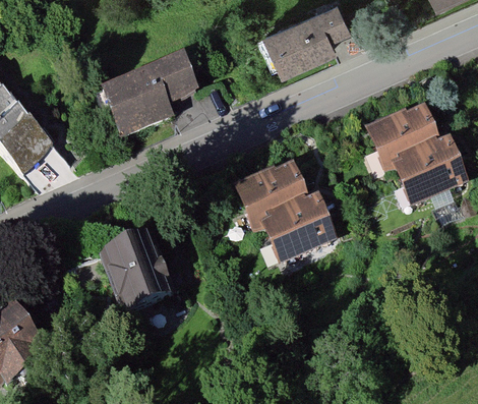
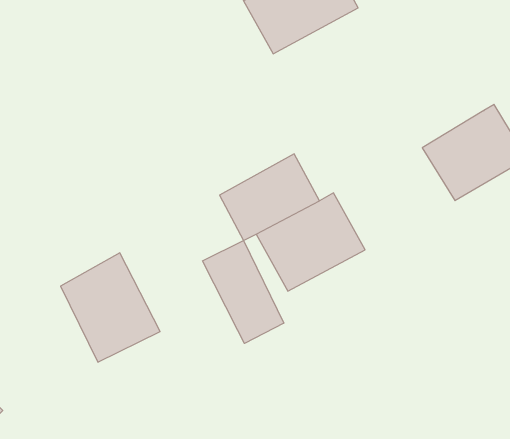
building: [105,48,201,126] -> none
building: [359,99,438,169] -> none
building: none -> [203,241,284,343]

